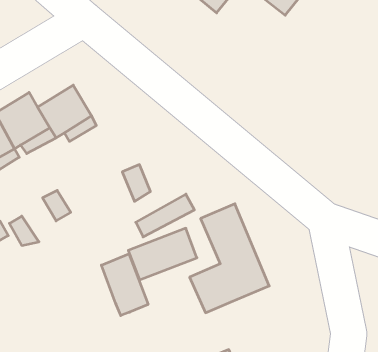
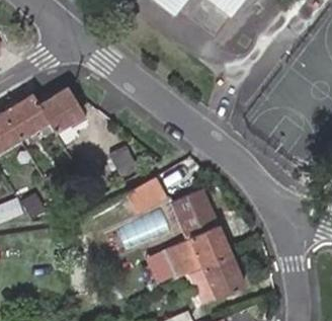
building: [101,254,148,316] -> none
building: none -> [197,252,242,299]

